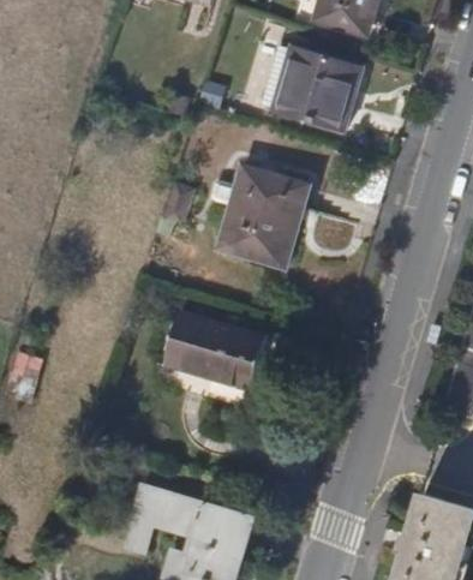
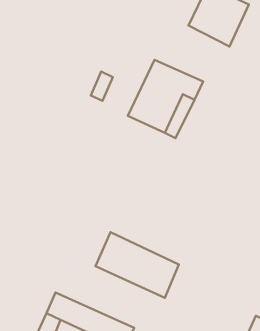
building: [168,313,283,396] -> [96,232,179,298]

